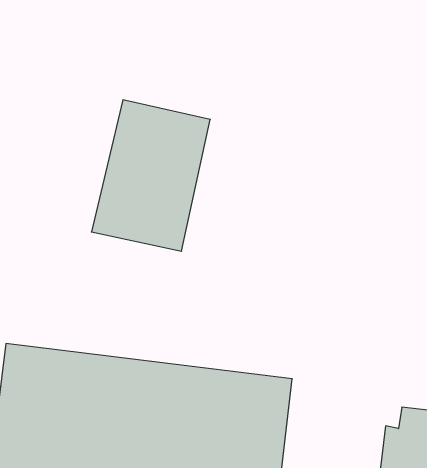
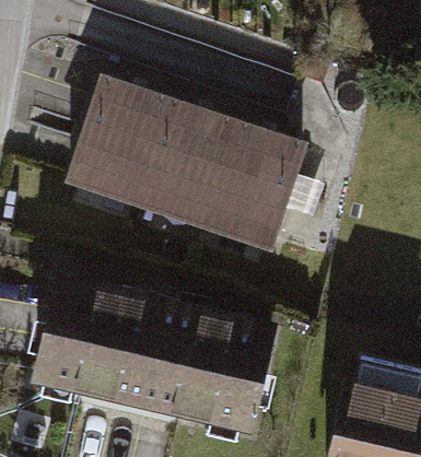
building: none -> [72,80,172,203]
building: none -> [204,126,304,248]

